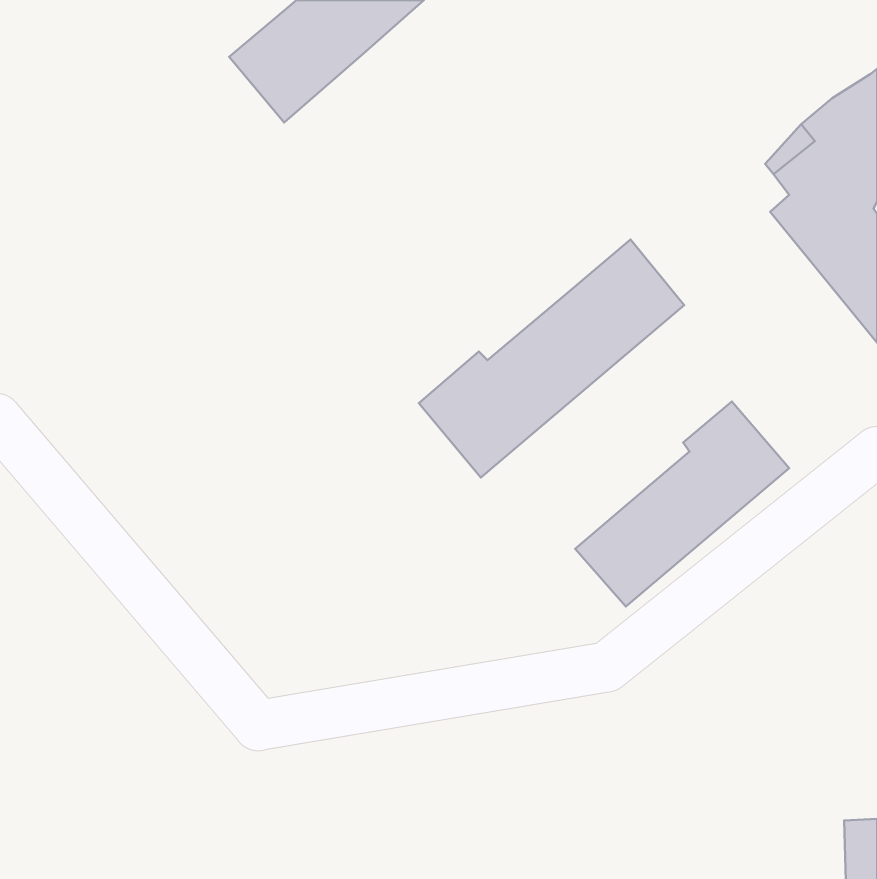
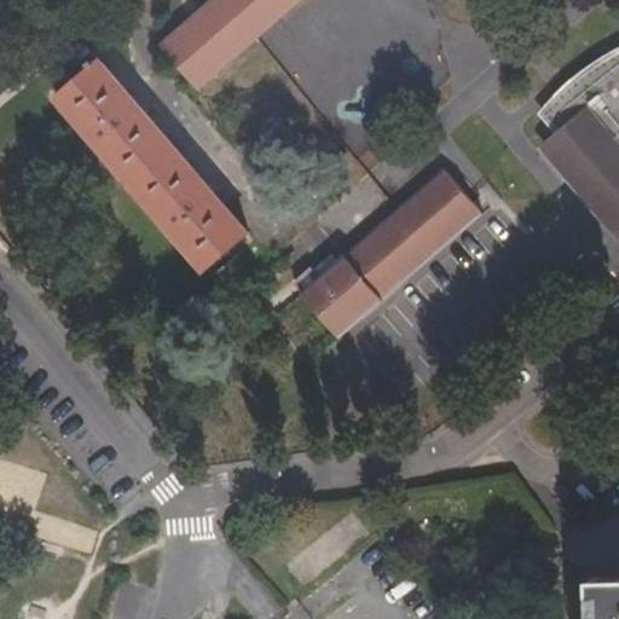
building: none -> [56,60,245,270]
building: [575,402,789,607] -> none

